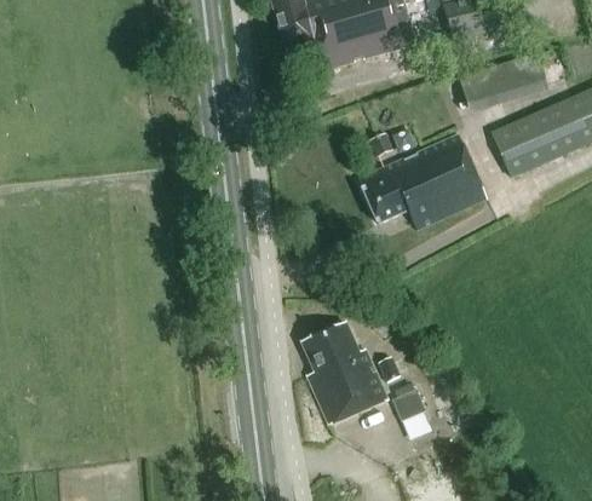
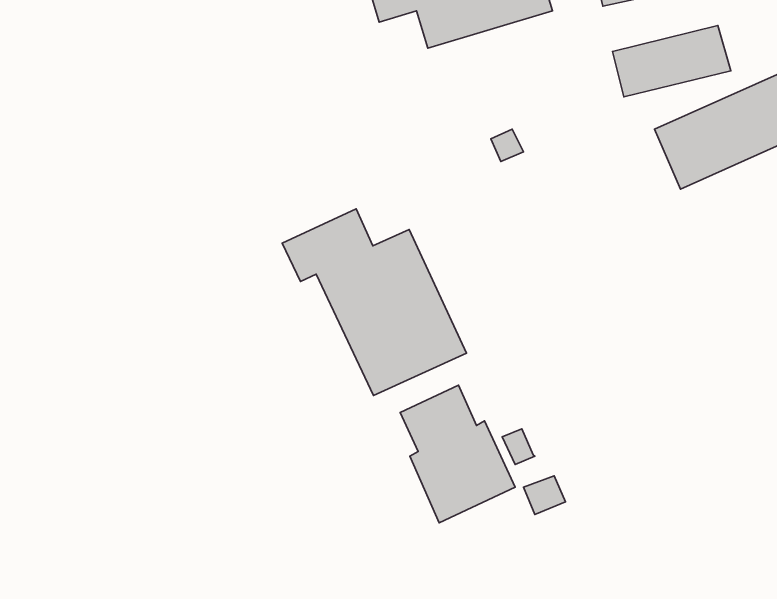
building: [357,133,487,230] -> none
building: none -> [282,209,466,395]

